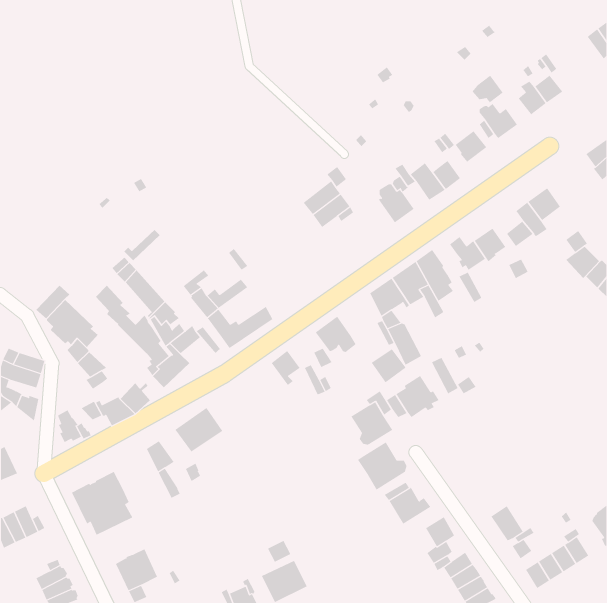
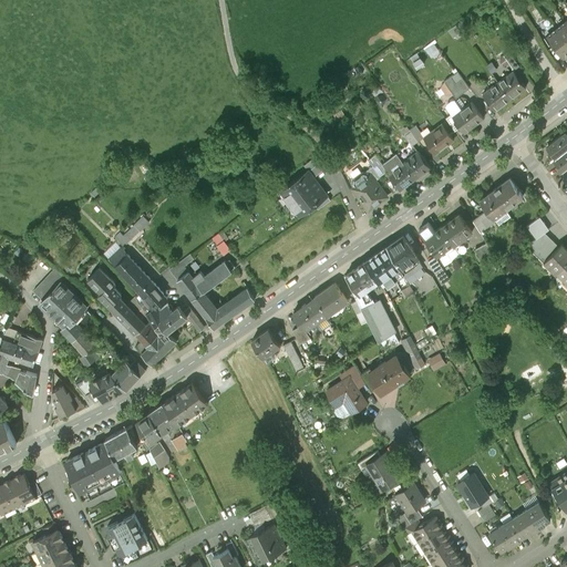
building: [371,349,407,383] -> [315,285,348,317]
building: none -> [148,404,177,440]
building: [357,441,407,490] -> none
building: none -> [105,429,137,460]

